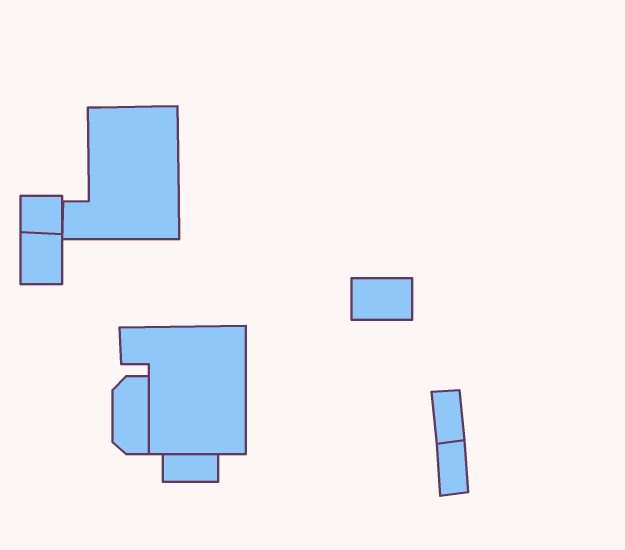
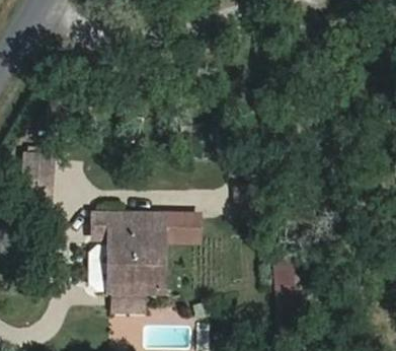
building: [62,106,179,239] -> none
building: [351,278,412,320] -> [165,214,201,238]

